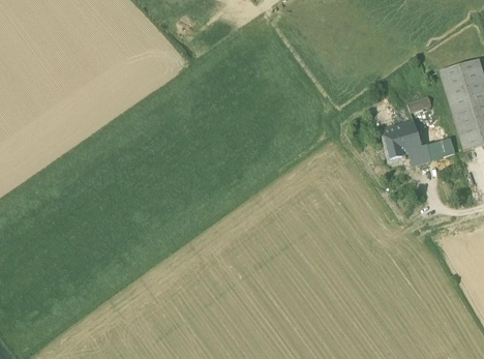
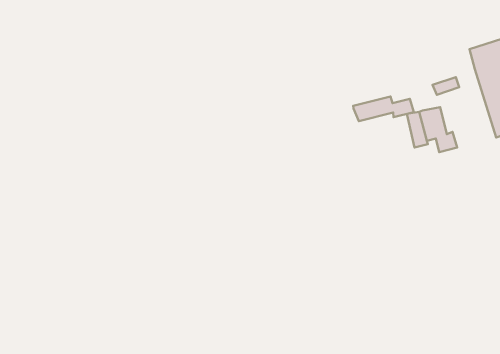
building: none -> [353,97,414,121]
building: [425,139,454,160] -> none

